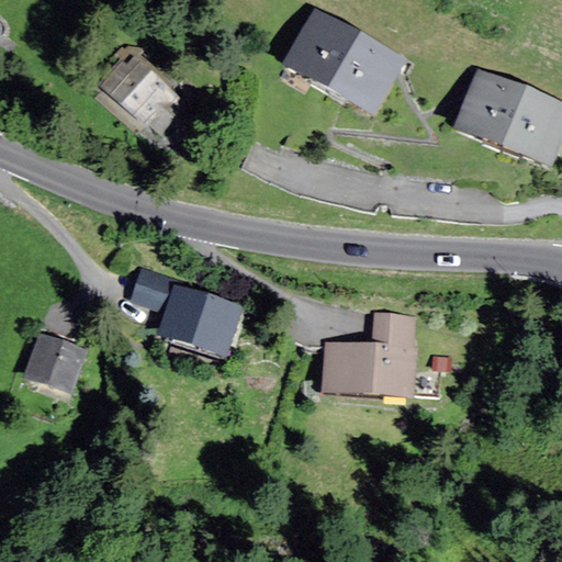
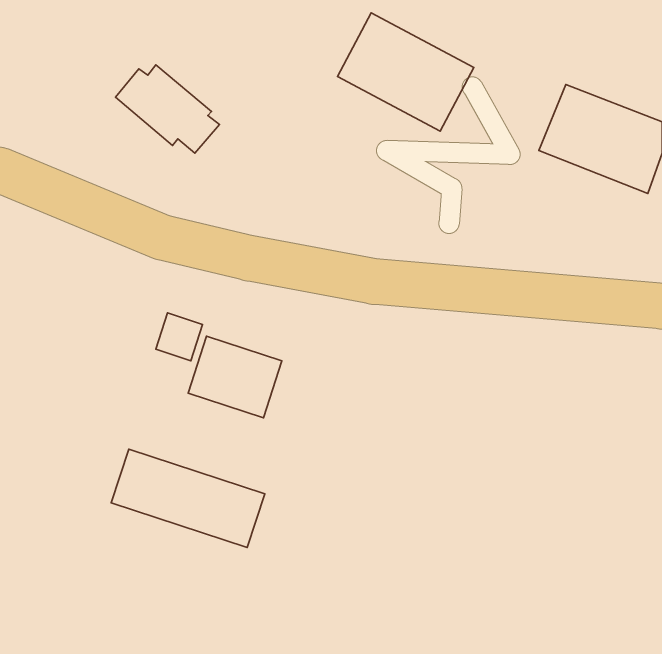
building: [326,312,414,394] -> none
building: [25,334,82,389] -> none
building: none -> [111,449,265,547]

